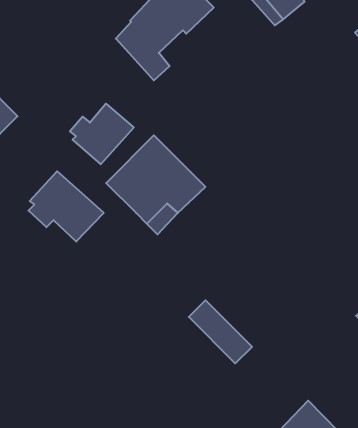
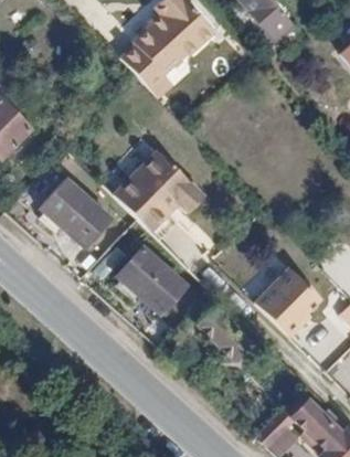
building: [70,104,134,164] -> none
building: none -> [117,247,185,313]
building: none -> [255,266,321,336]

